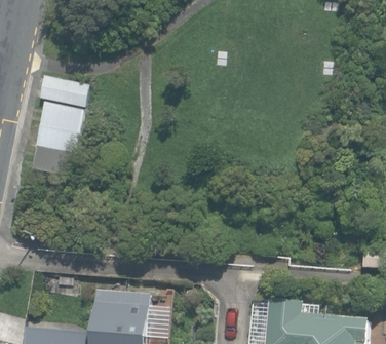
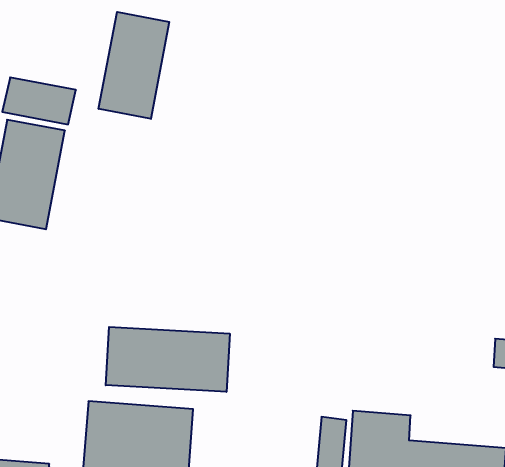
building: none -> [99,12,169,119]
building: none -> [106,327,230,392]

